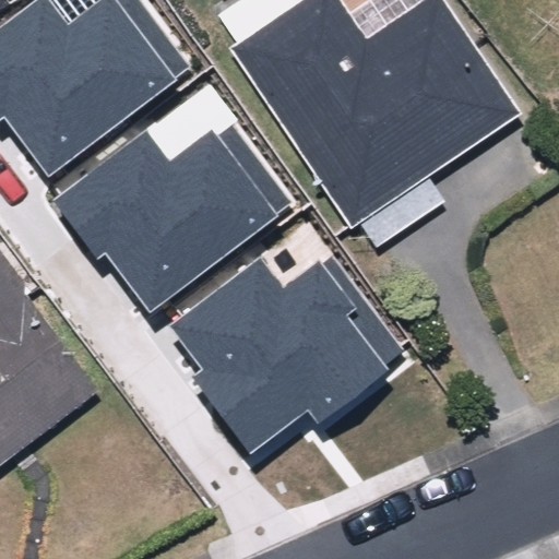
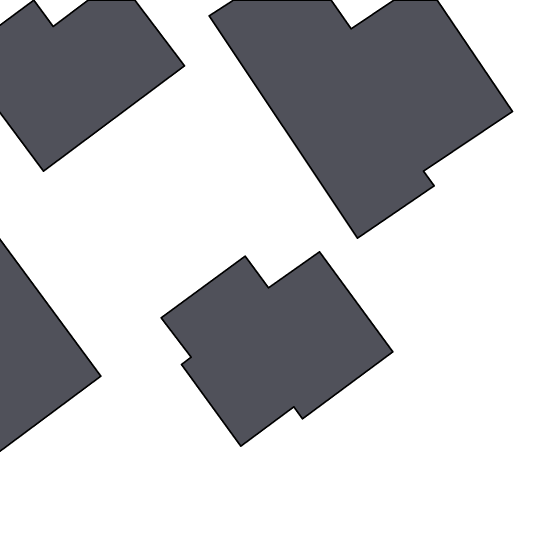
building: [49,112,293,310] -> none

